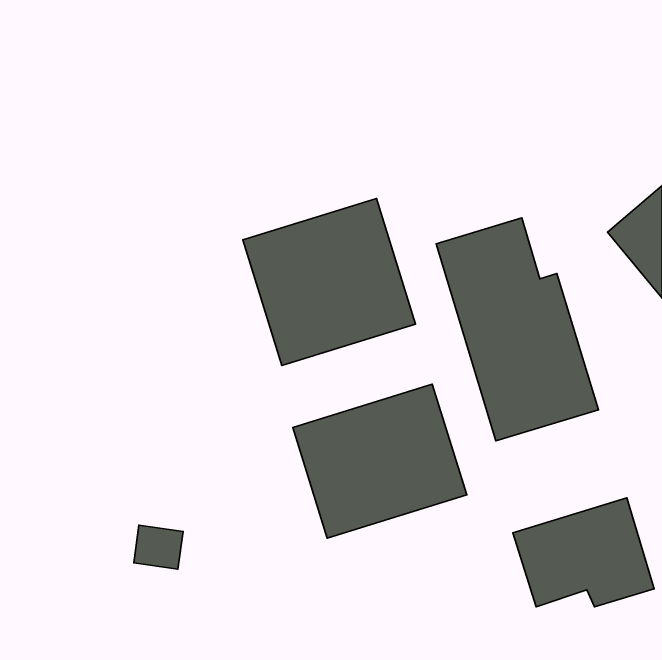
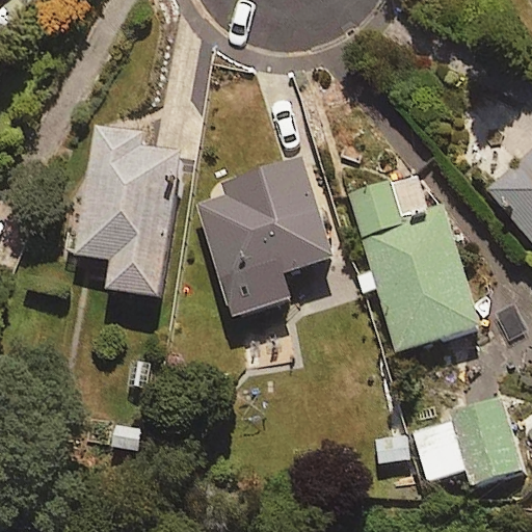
building: none -> [74,128,180,298]
building: [293,384,467,538] -> none

